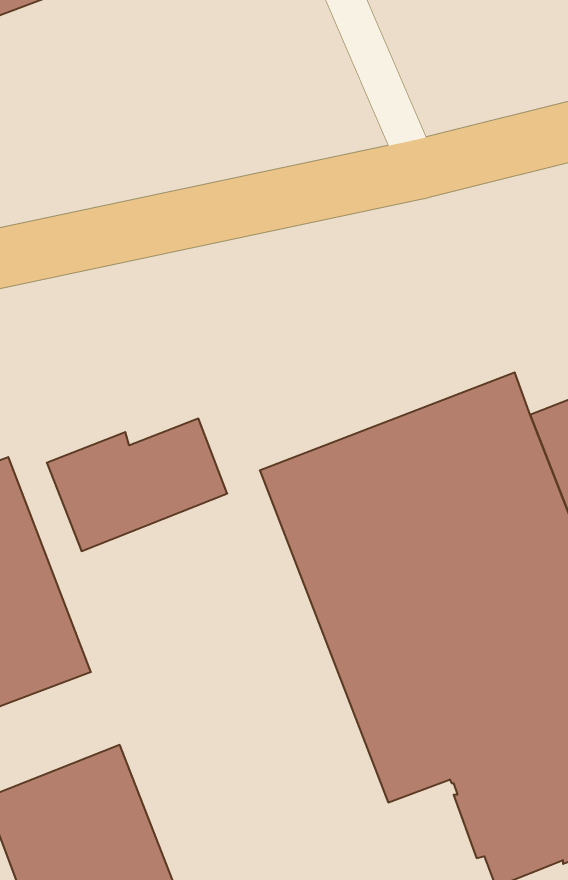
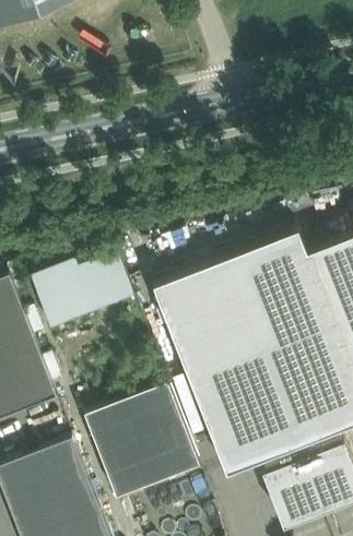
building: none -> [84,384,199,500]

